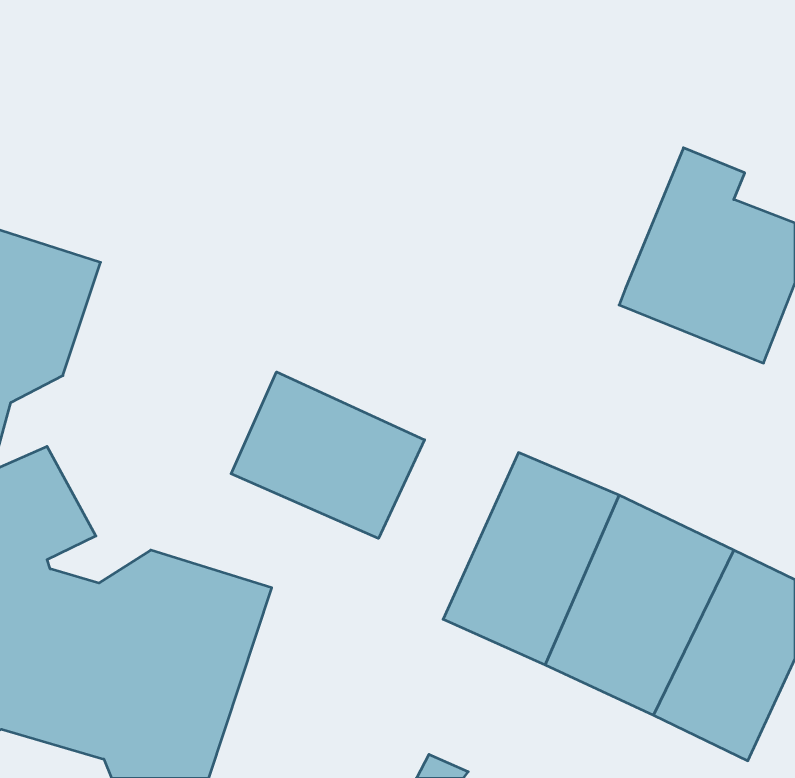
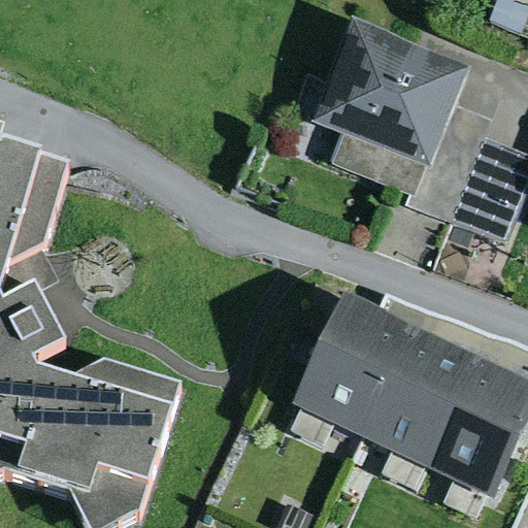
building: none -> [307,19,461,190]
building: [231,372,425,538] -> none

